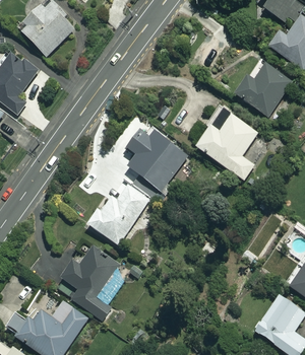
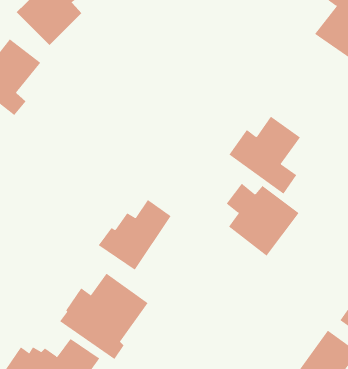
building: [235,64,291,116] -> none
building: [125,129,187,191] -> [226,183,299,257]

